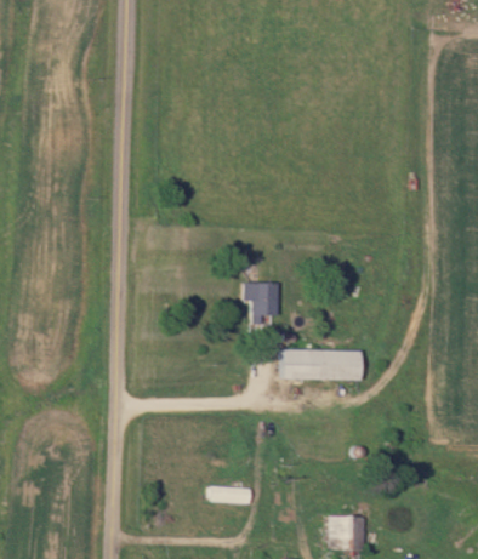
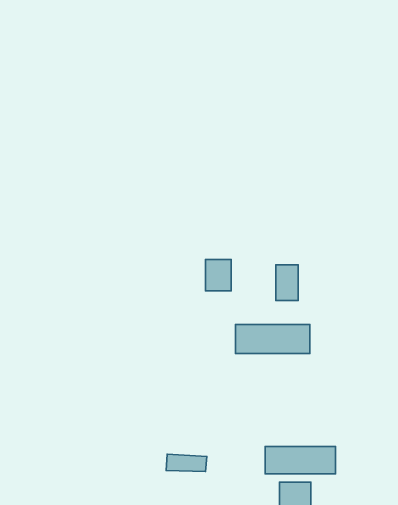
building: none -> [276,265,298,300]
building: none -> [265,447,335,474]

